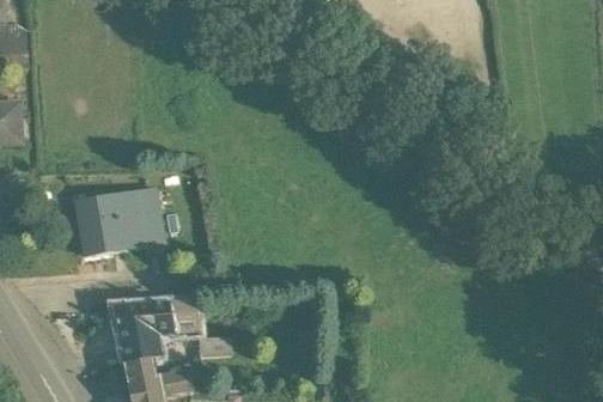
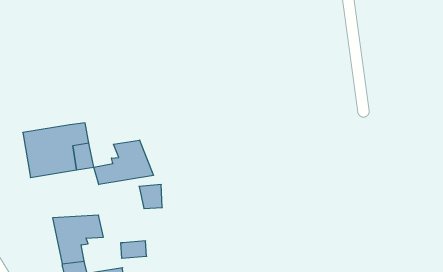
building: none -> [94,140,153,185]
building: [170,302,199,331] -> [139,185,162,209]

